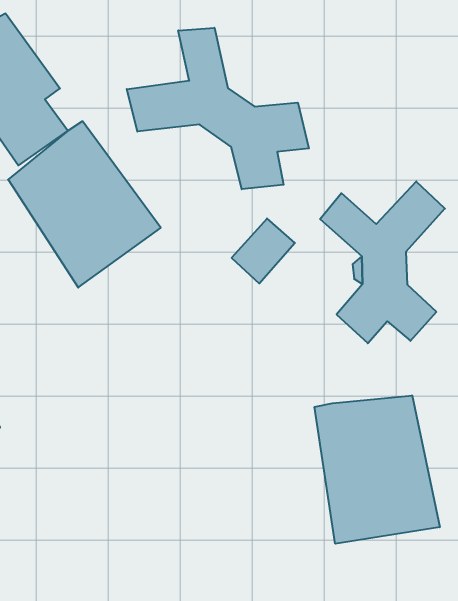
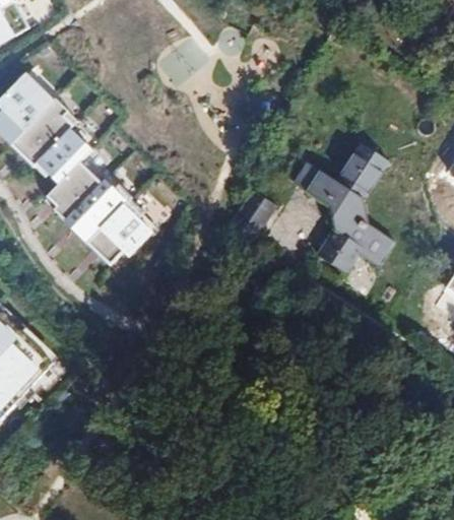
building: [127,28,309,189] -> none
building: [315,395,440,544] -> none

